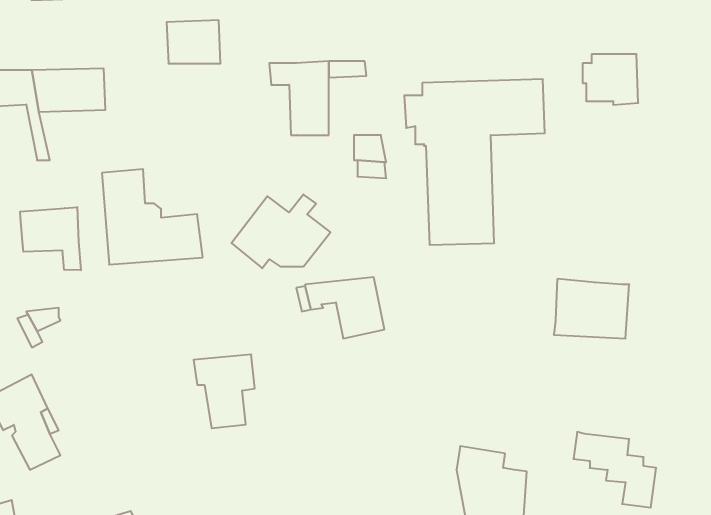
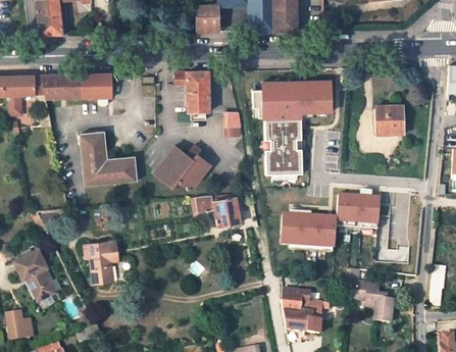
building: [167,20,221,63] -> [82,72,112,97]
building: [583,54,638,105] -> [371,105,403,134]
building: [20,207,81,270] -> none
building: none -> [282,212,338,246]
building: [194,354,255,428] -> [84,241,118,283]

